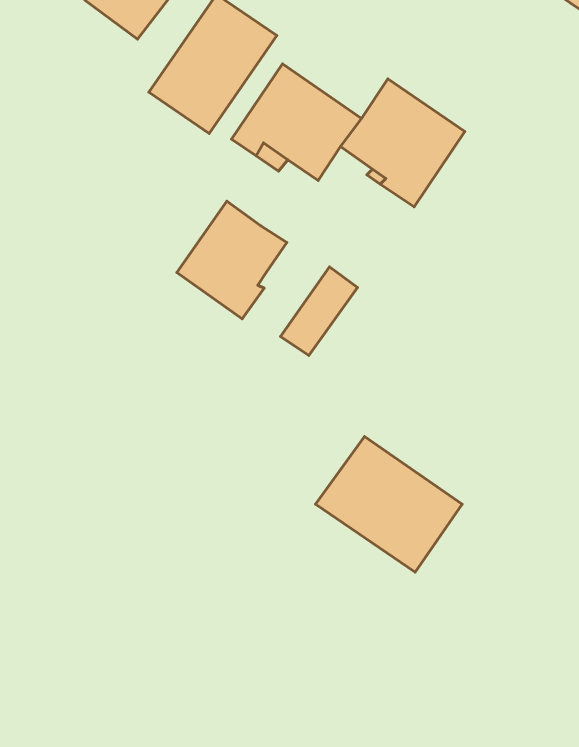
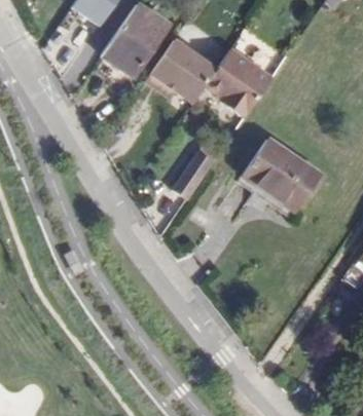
building: [177,201,287,319] -> none
building: [316,437,462,572] -> [243,138,323,212]

